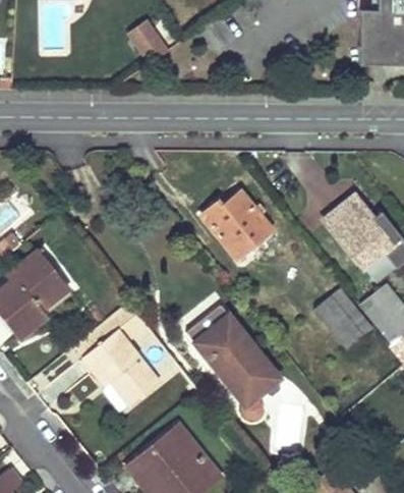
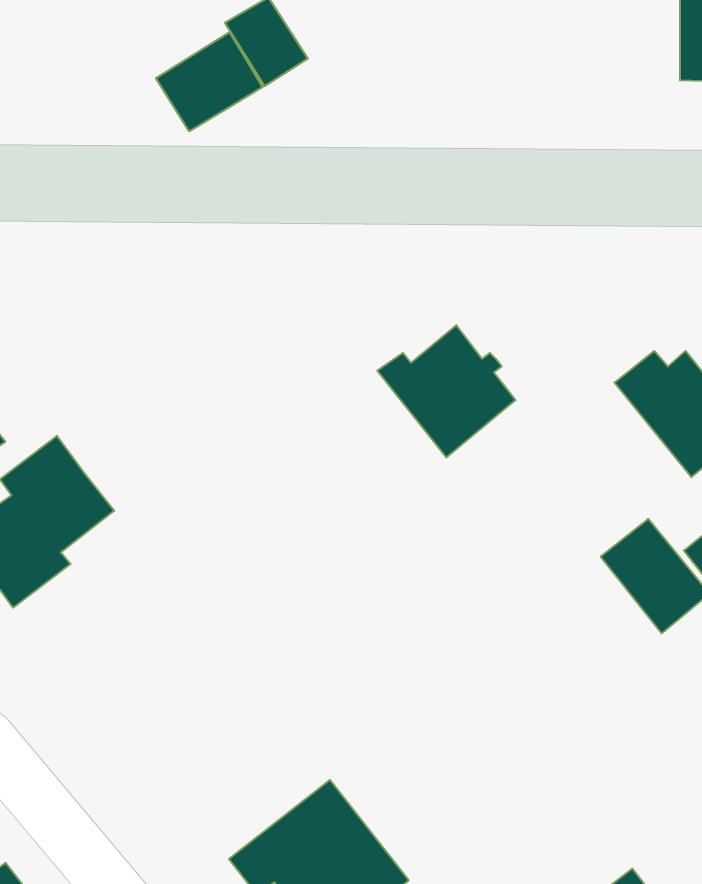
building: none -> [156,32,263,131]
building: [77,300,158,403] -> none
building: [195,314,279,419] -> none

